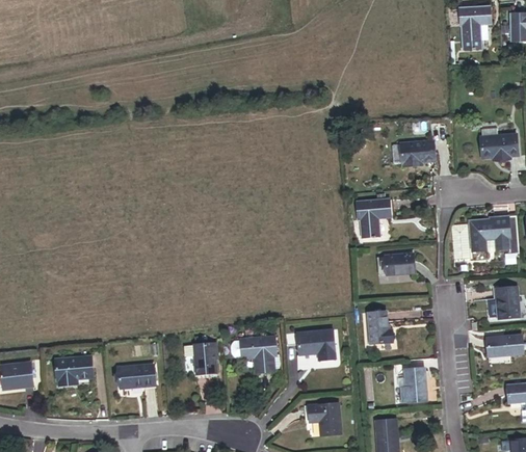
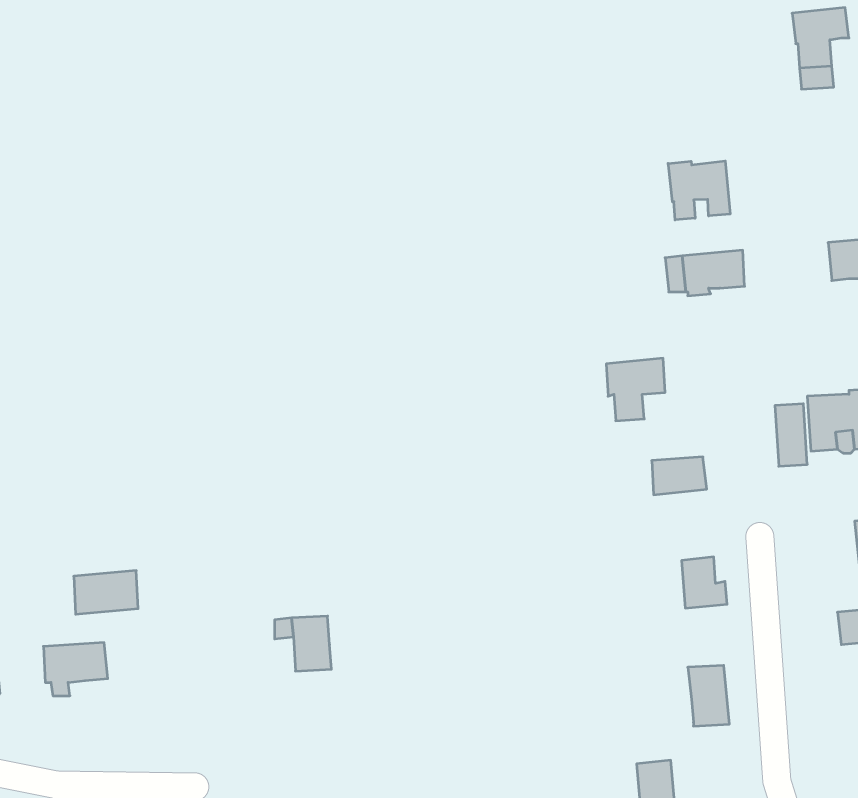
building: none -> [668,161,730,220]
building: [370,312,395,340] -> [682,557,727,608]
building: [293,328,333,360] -> none
building: [228,335,273,372] -> none
building: [113,366,149,390] -> [74,571,138,614]
building: [305,402,338,434] -> none

